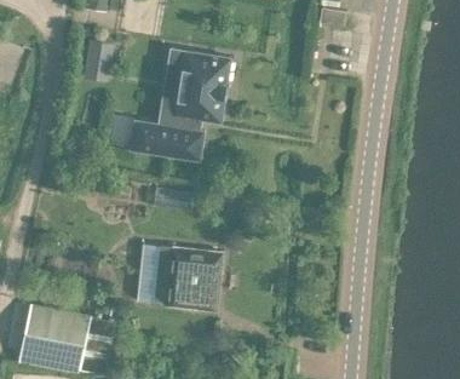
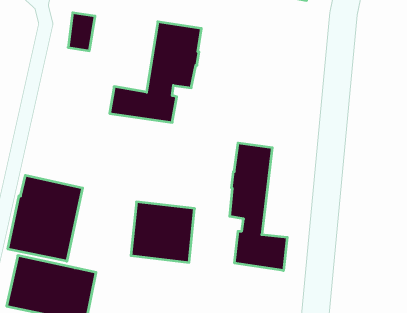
building: none -> [230,143,287,271]
building: none -> [8,175,83,261]

